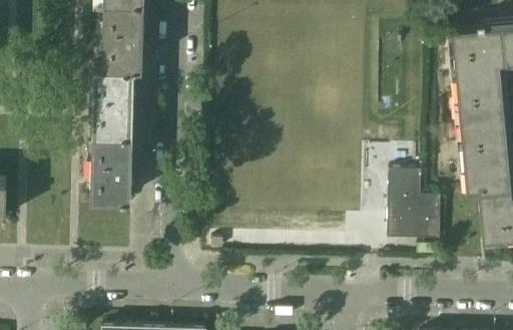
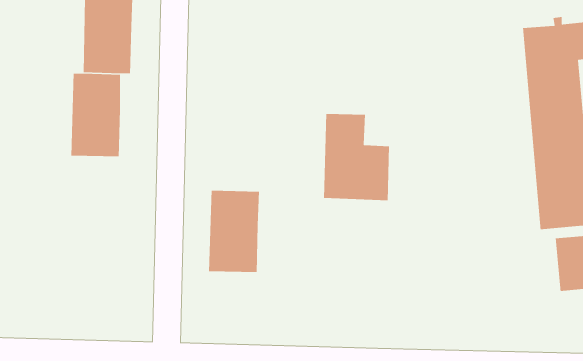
building: [91,133,132,200] -> [208,190,260,273]
building: [387,171,440,241] -> [323,113,390,201]

